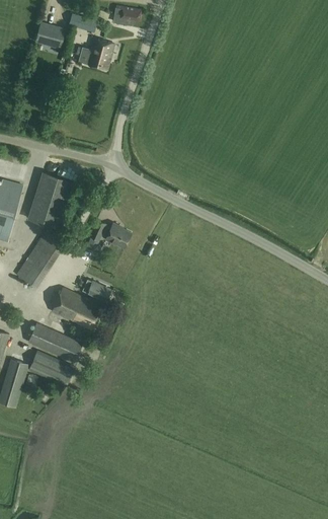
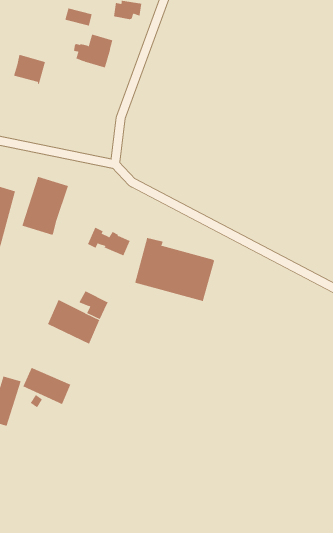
building: [34,21,65,50] -> [13,54,46,84]
building: [15,226,67,287] -> none
building: none -> [135,237,215,302]
building: [27,322,82,362] -> none

